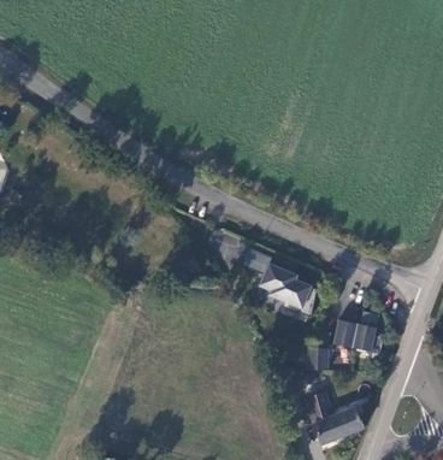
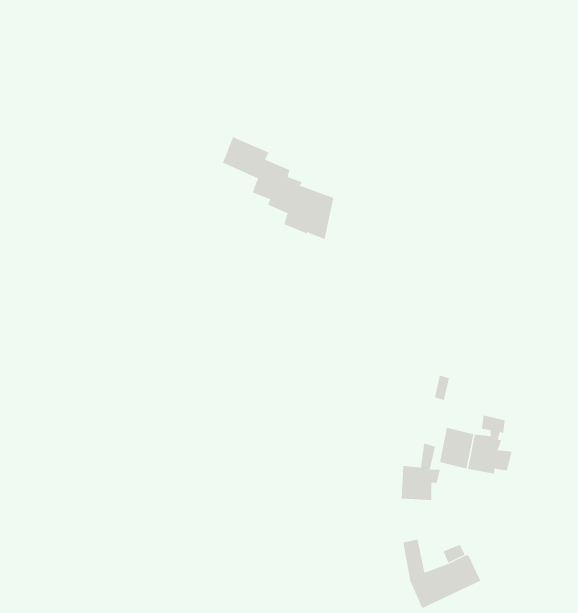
building: [241,247,318,318] -> [222,137,334,240]

